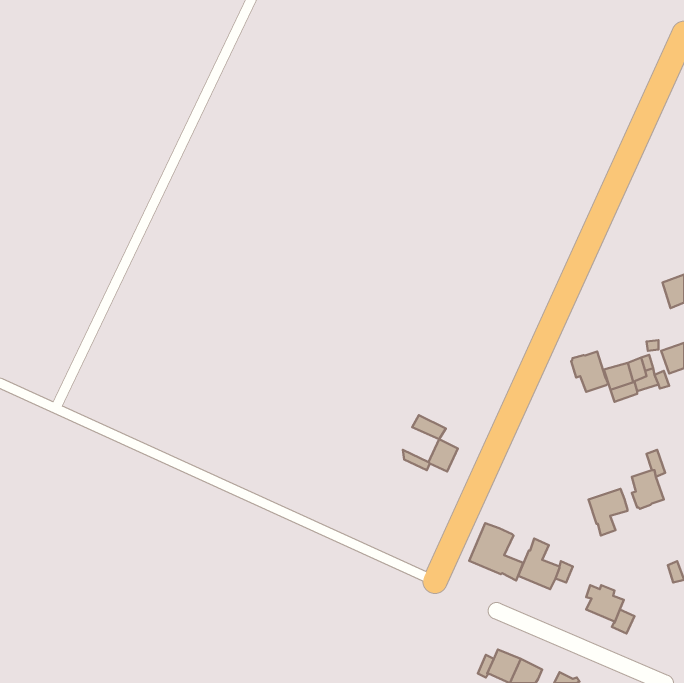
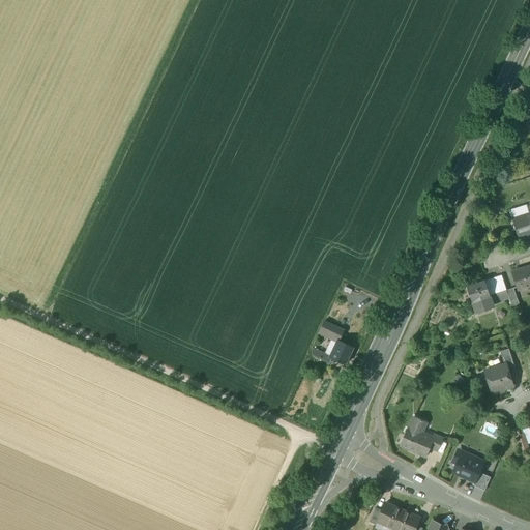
building: [571,351,608,392] -> none
building: [588,489,628,535] -> none
building: [469,523,523,580] -> none

